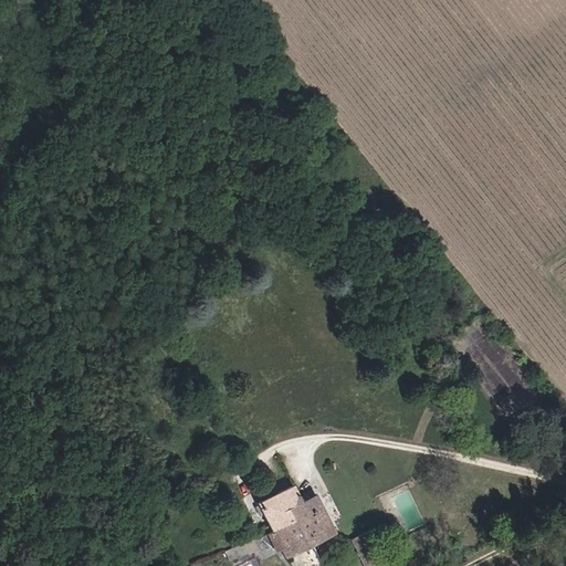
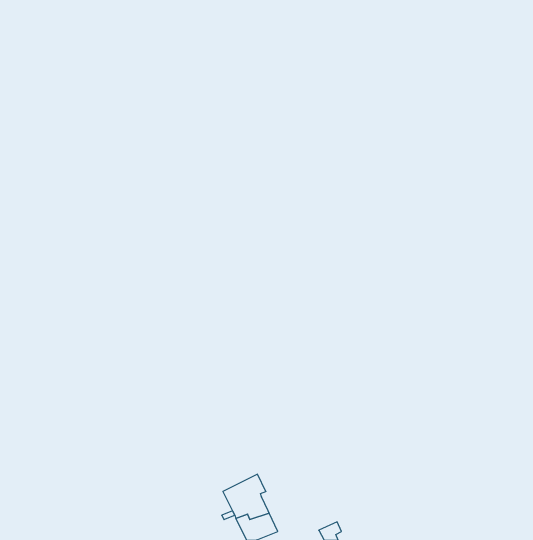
building: [285,497,325,545] -> none

